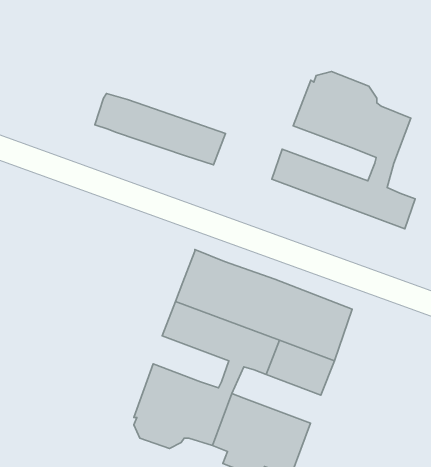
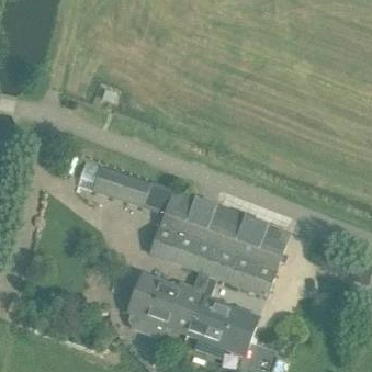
building: [272,72,415,229] -> none
building: [95,94,225,165] -> [76,160,172,213]

